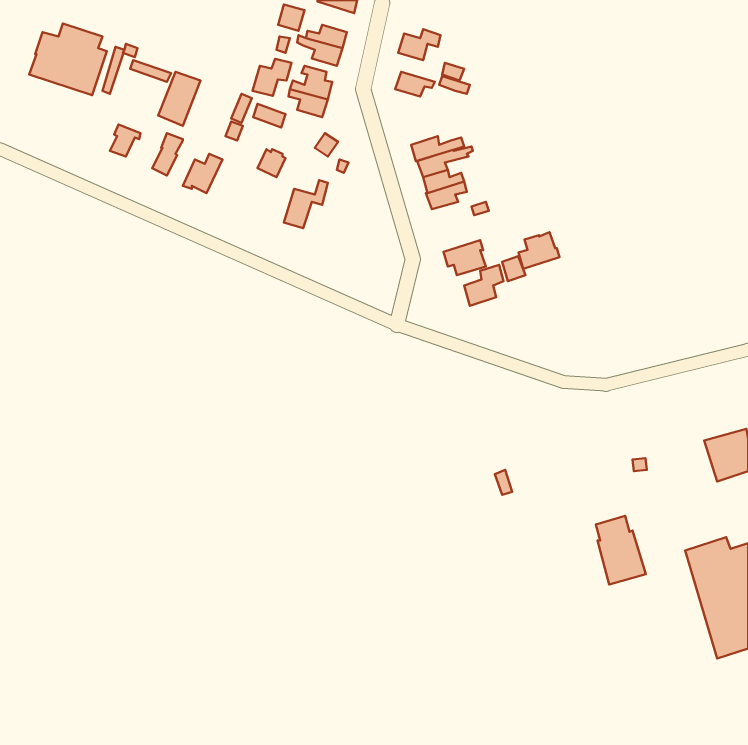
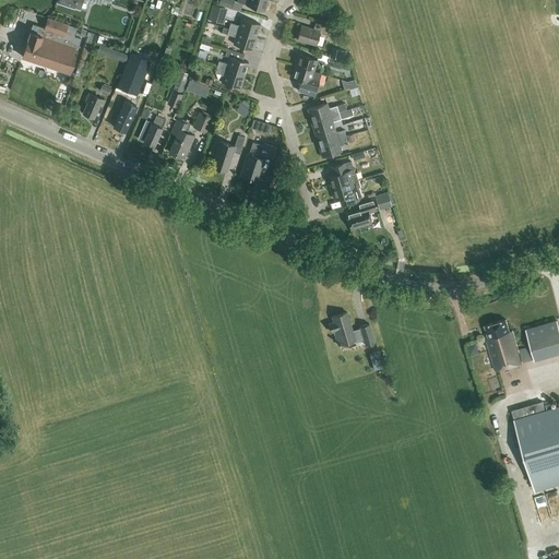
building: [252,59,291,96] -> none
building: none -> [292,69,321,96]
building: none -> [169,121,194,159]
building: none -> [241,144,277,182]
building: [519,232,560,269] -> [328,163,358,190]
building: none -> [329,313,374,347]
building: [596,516,646,585] -> [485,321,522,372]

